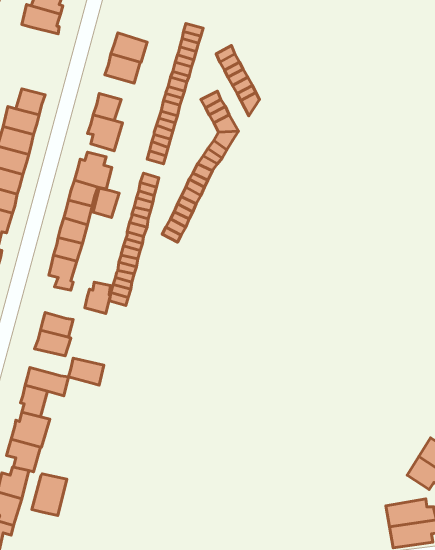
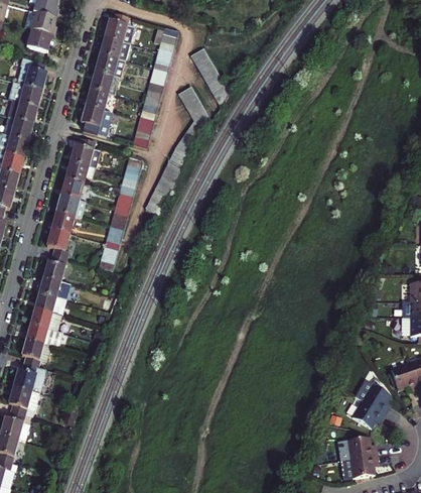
building: none -> [106,12,135,42]
building: none -> [25,29,54,53]
building: none -> [23,58,47,88]
building: none -> [90,71,120,94]
building: [93,188,119,218] -> none
building: [85,282,110,314] -> [43,253,65,280]
building: [69,358,104,385] -> [30,306,60,330]
building: [32,474,67,516] -> none

